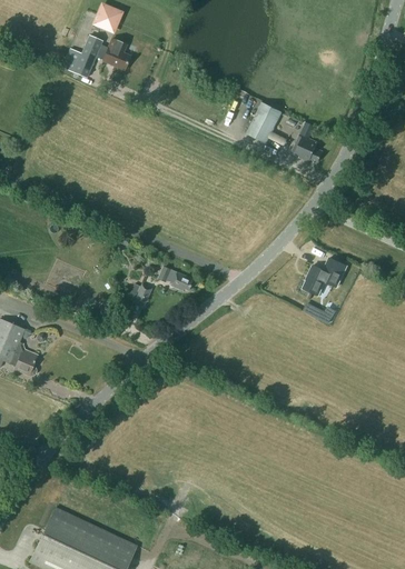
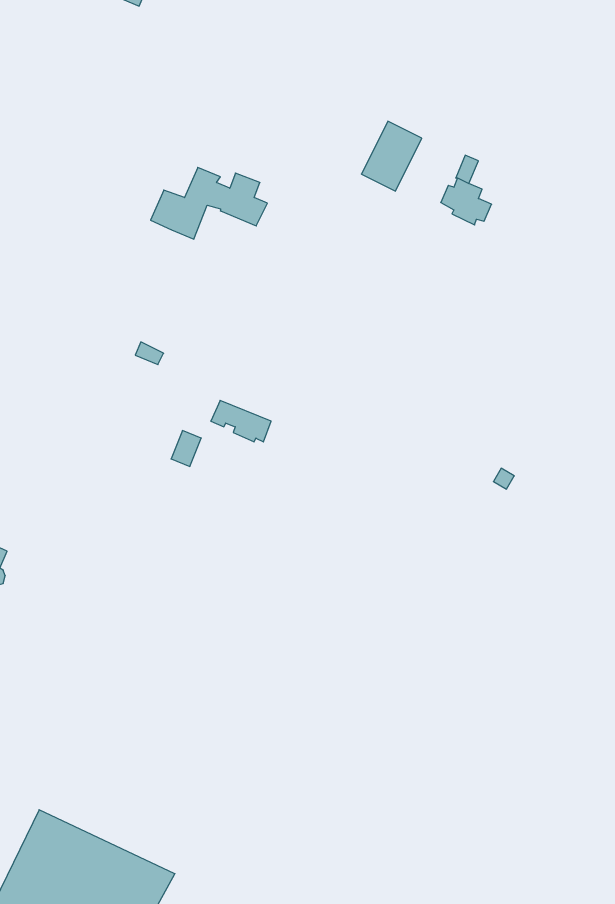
building: [61,36,130,78] -> [151,167,267,239]
building: [303,258,343,296] -> none

